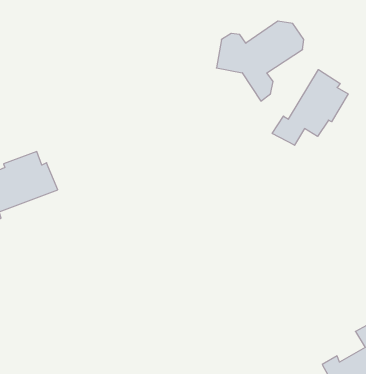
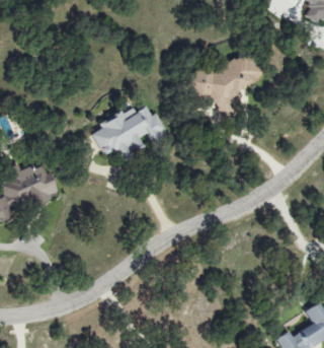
building: [272,70,348,145] -> none
building: none -> [92,106,165,163]

